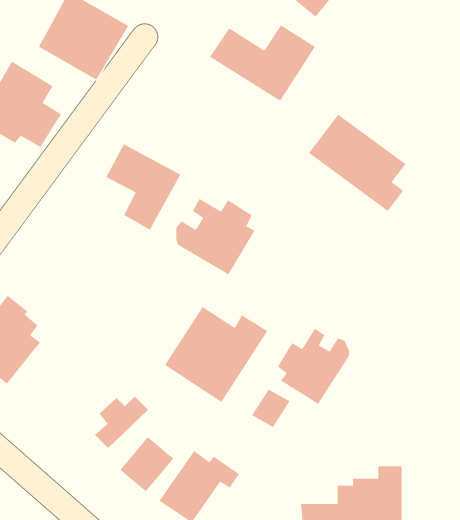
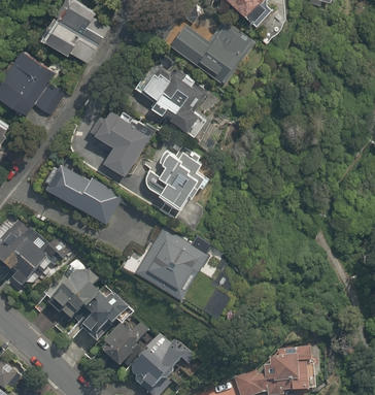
building: [308,114,406,212] -> [131,58,203,130]
building: none -> [45,161,115,218]
building: [277,328,350,405] -> none
building: none -> [49,267,99,319]

